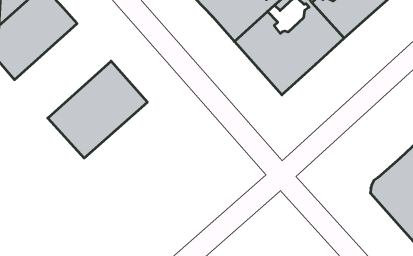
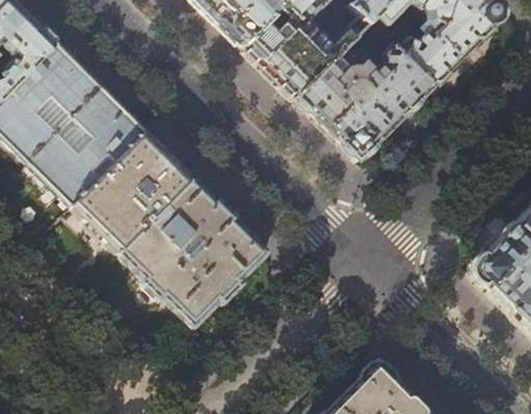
building: none -> [27,86,144,204]
building: none -> [118,177,271,330]

